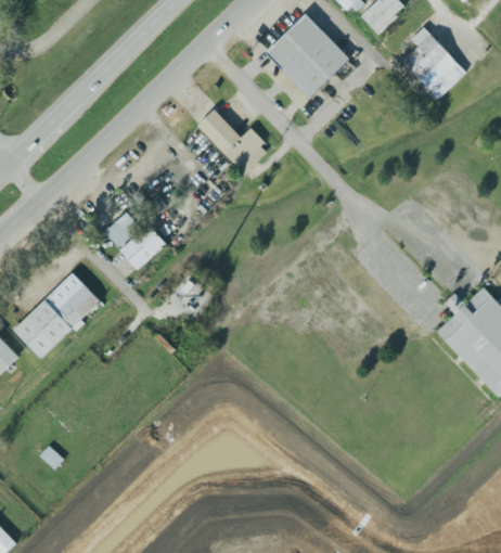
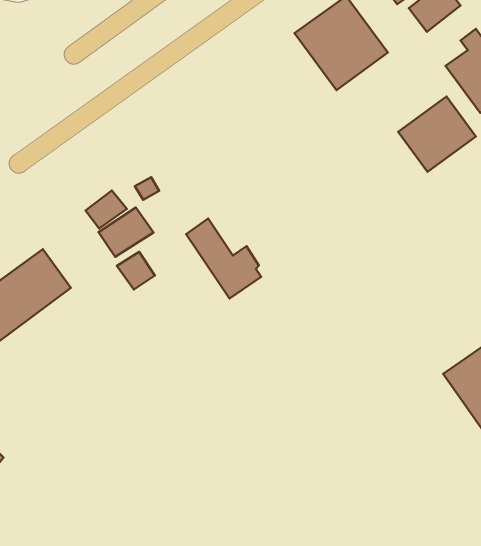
building: none -> [398,96,476,172]
building: [197,108,268,176] -> [186,219,261,299]
building: none -> [117,252,155,289]

